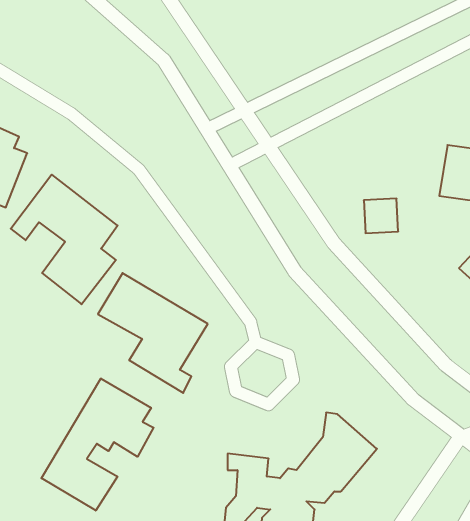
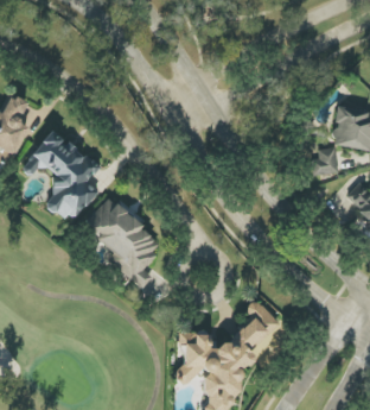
building: [364,199,398,233] -> [312,149,337,174]
building: [41,378,154,511] -> none

